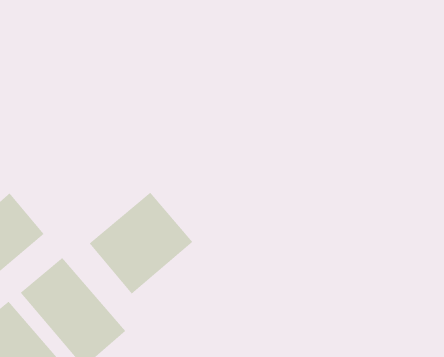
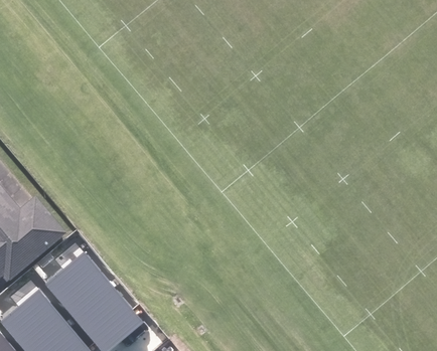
building: [89,192,193,294] -> none

